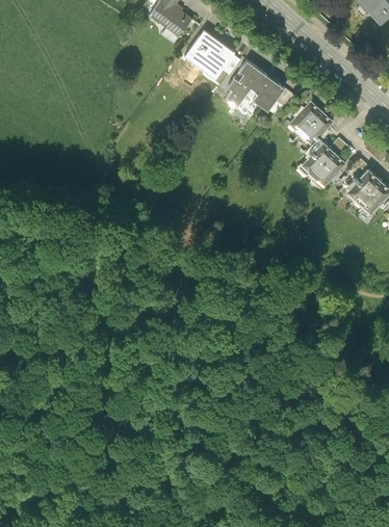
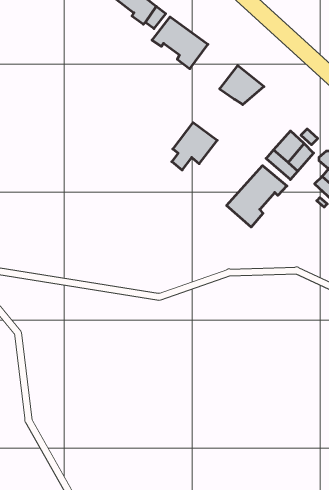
building: [227,58,271,105] -> [172,123,217,170]
building: [290,102,334,146] -> none
building: none -> [227,166,287,227]

